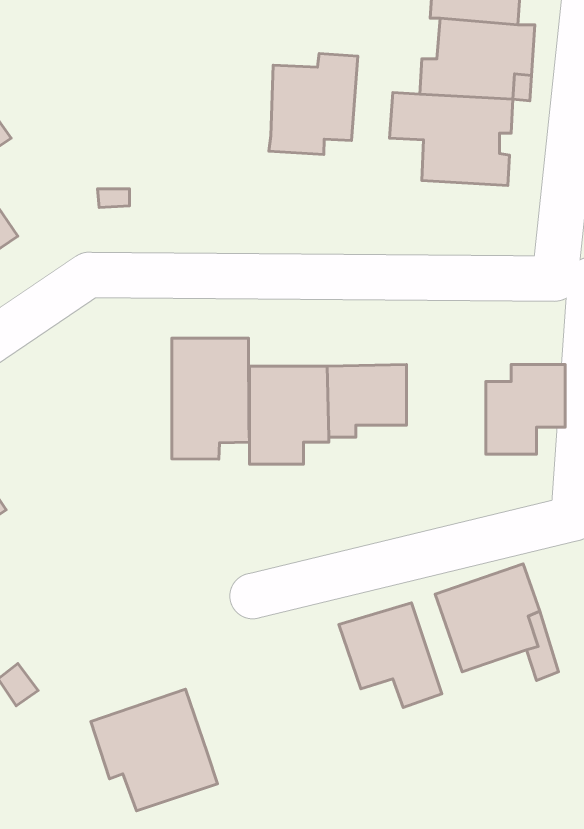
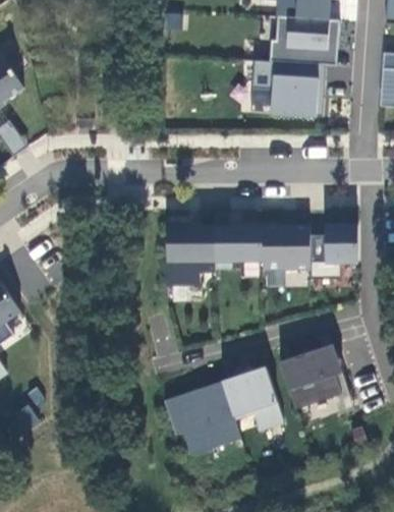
building: [269,53,358,154] -> none
building: [172,338,249,459] -> none
building: none -> [262,224,309,269]
building: [91,689,218,811] -> [164,381,240,454]

